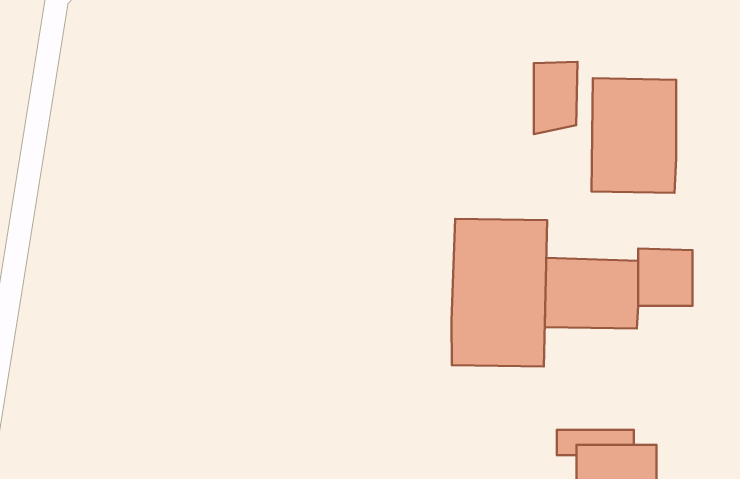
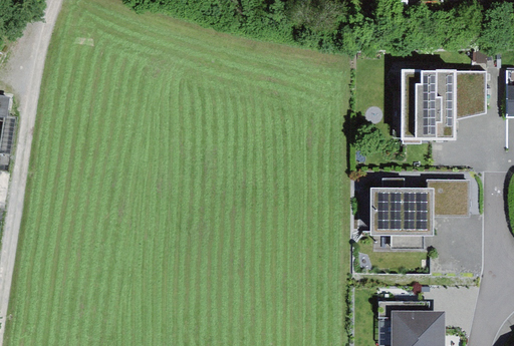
building: [534,62,578,134] -> [457,72,486,120]
building: [452,219,547,367] -> none

